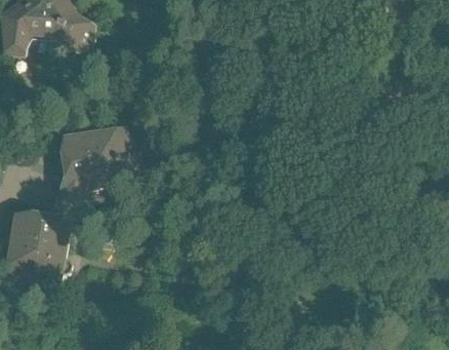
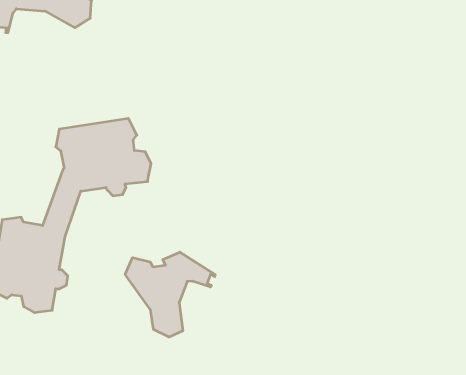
building: none -> [125,252,215,337]

